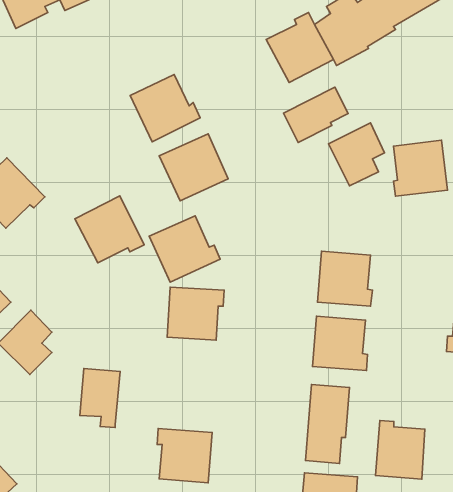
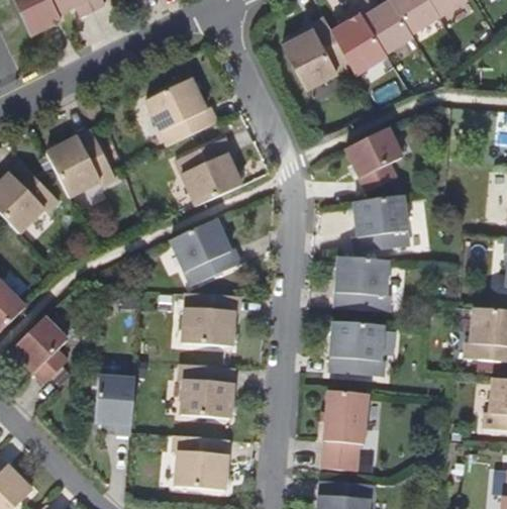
building: [283,87,348,143] -> none
building: [393,140,448,196] -> [353,196,408,252]
building: [75,196,144,263] -> [46,130,116,198]
building: none -> [179,364,234,419]
building: [375,421,425,479] -> none

